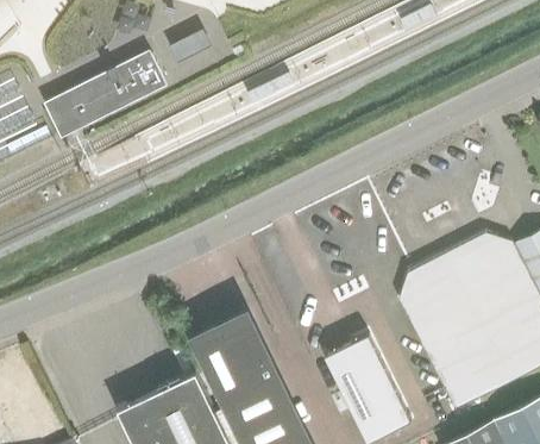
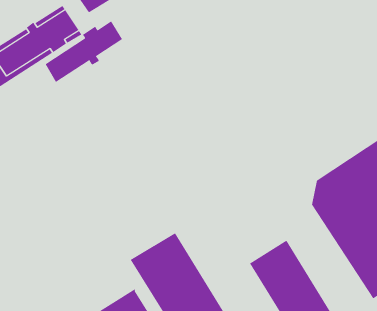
building: none -> [45,20,123,83]

